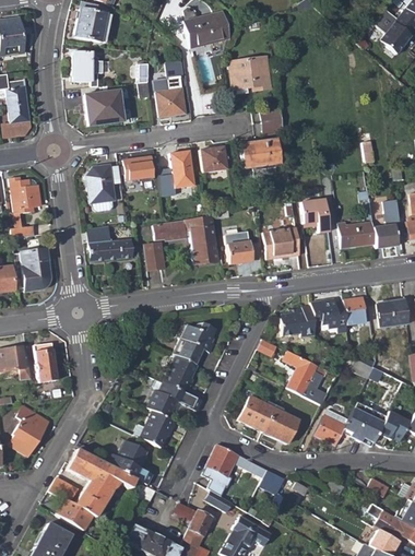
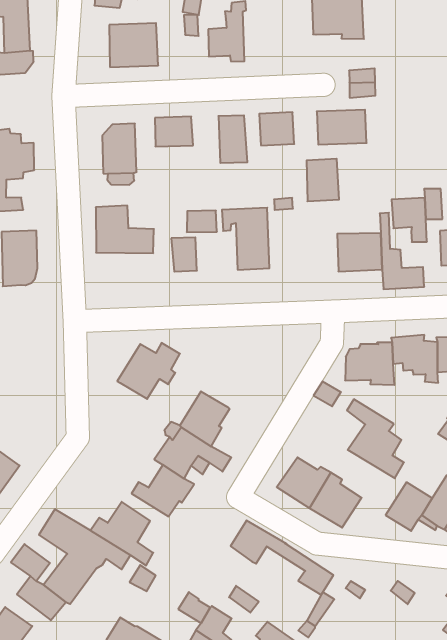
building: [226,230,252,263] -> [307,159,339,201]
building: [174,322,217,364] -> [117,343,180,399]
building: [35,342,58,381] -> none

